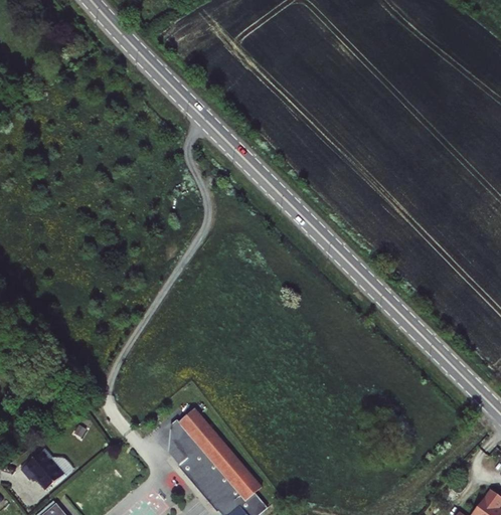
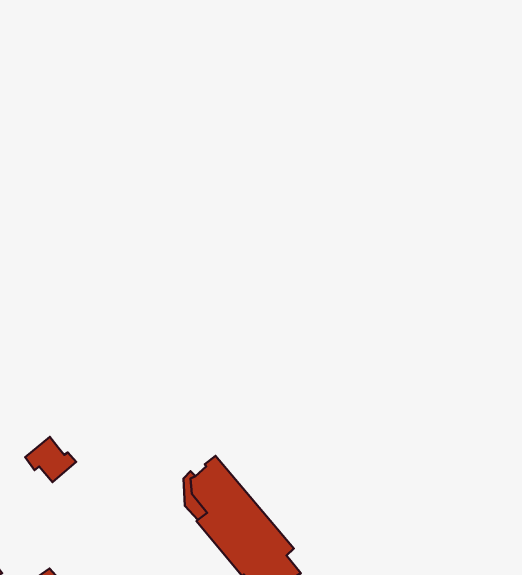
building: [21,452,64,490] -> [25,437,76,482]

